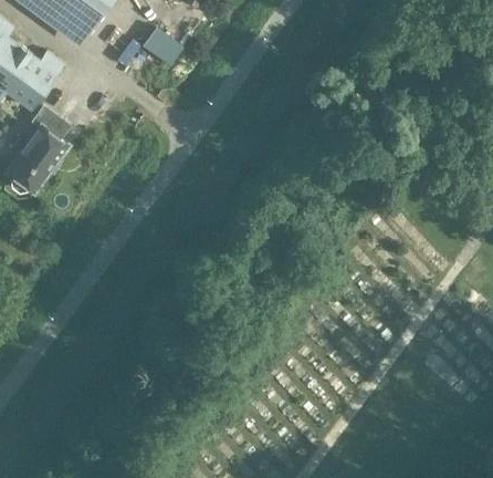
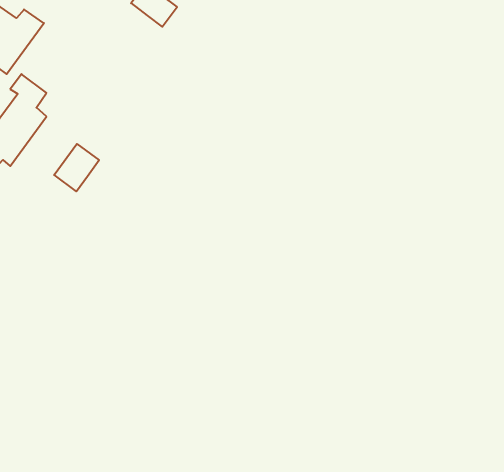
building: none -> [54,144,99,191]

